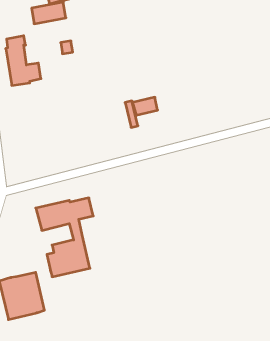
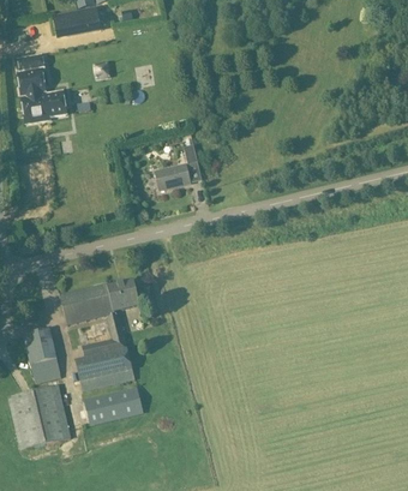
building: [133,97,158,115] -> [155,164,190,190]
building: none -> [23,328,61,383]
building: none -> [84,385,143,425]

